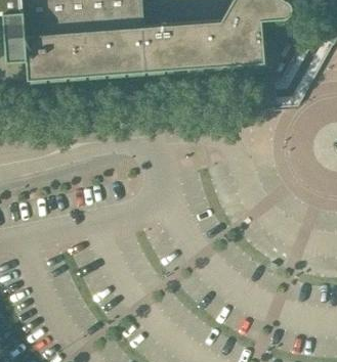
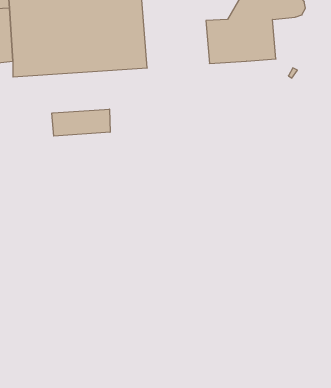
building: [163,22,206,64] -> none
building: none -> [52,109,110,136]

